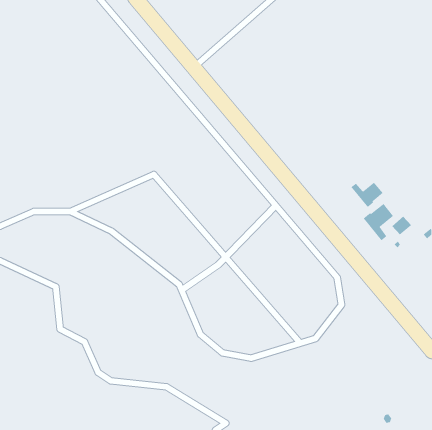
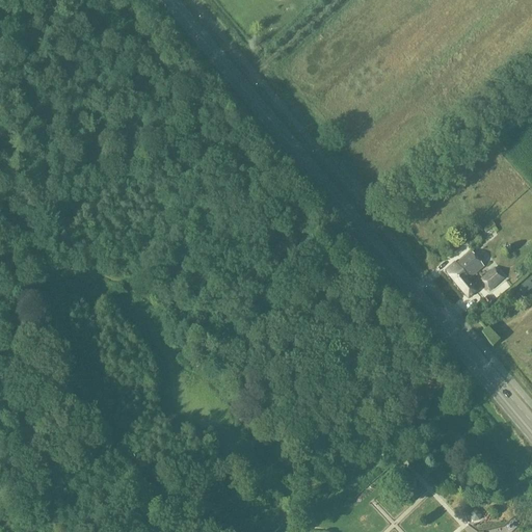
building: [351,182,383,208] -> none

